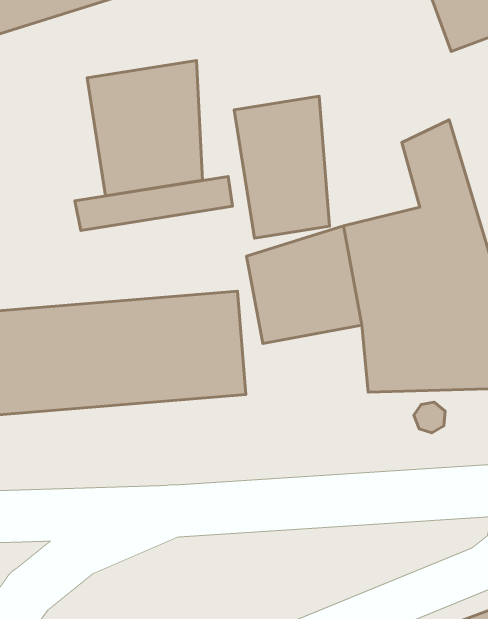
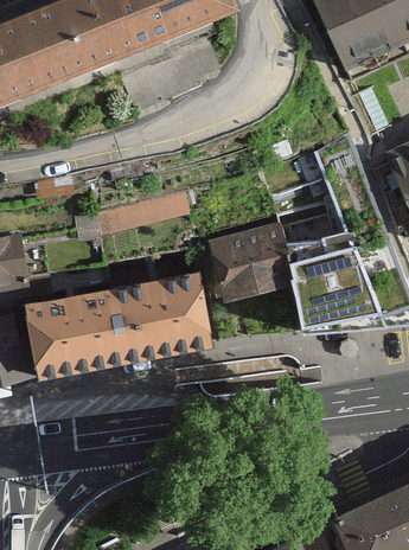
building: [87,61,202,196] -> none
building: [234,96,330,238] -> none

